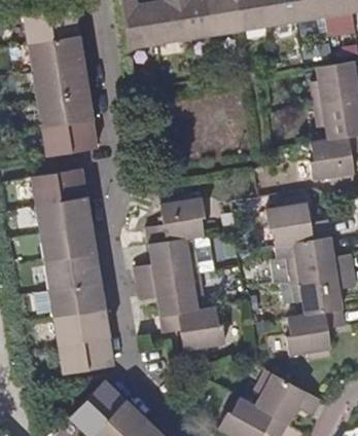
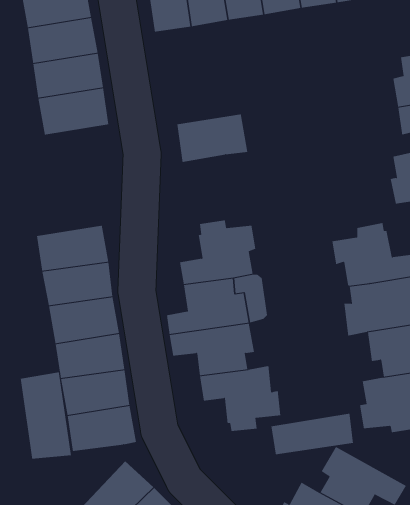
building: [41,120,97,158] -> [177,114,248,163]
building: [30,170,86,207] -> none
building: none -> [20,371,72,459]
building: none -> [271,413,354,455]

